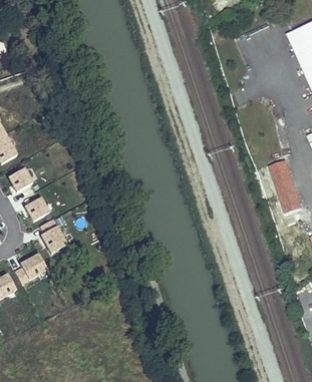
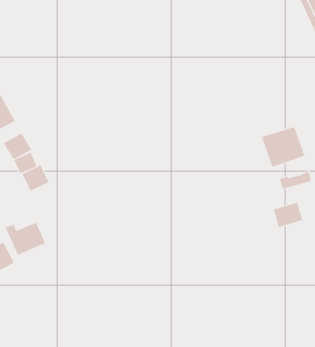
building: [36,219,67,254] -> none
building: none -> [273,202,303,228]

